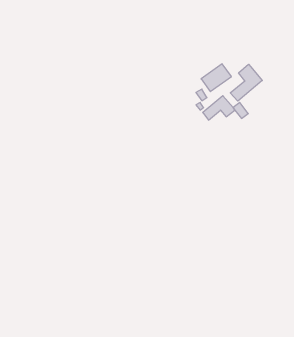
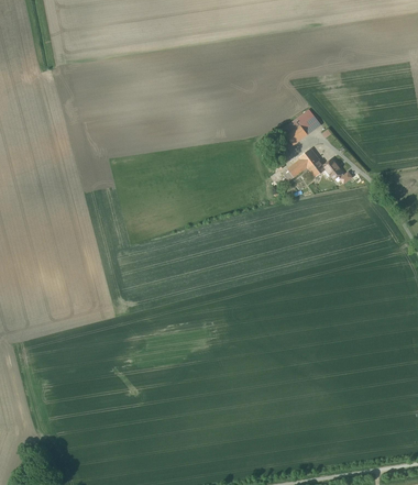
building: [230,64,262,101] -> none

